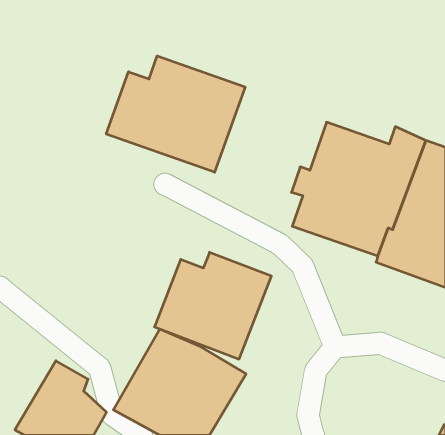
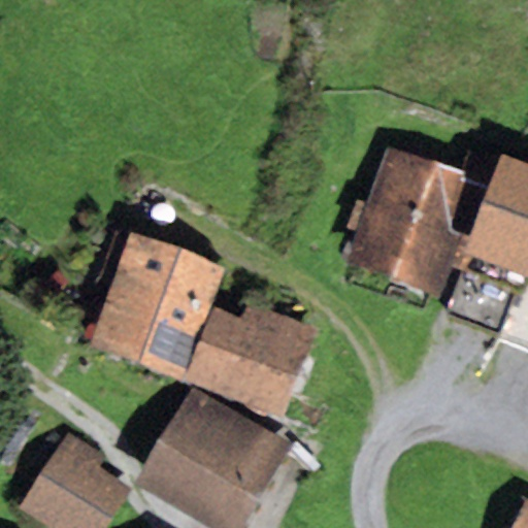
building: [106,56,245,172] -> none
building: none -> [88,237,227,390]

